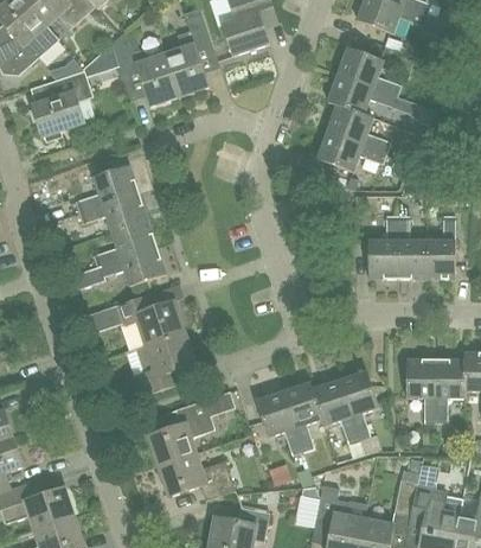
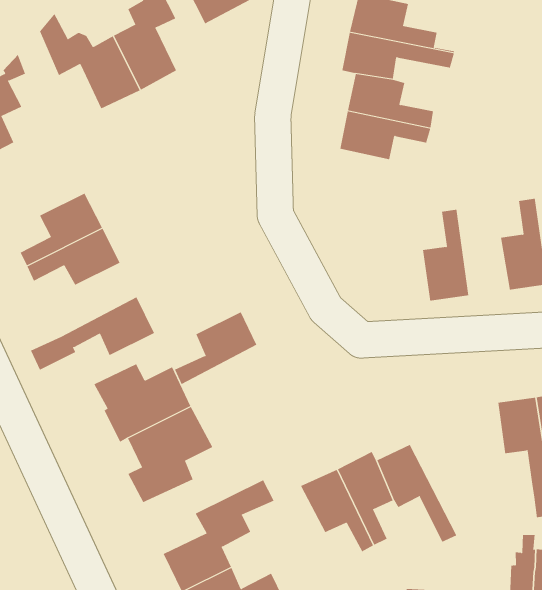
building: [397,215,427,279] -> none
building: [92,219,155,267] -> [174,311,257,385]
building: [339,371,378,452] -> none

